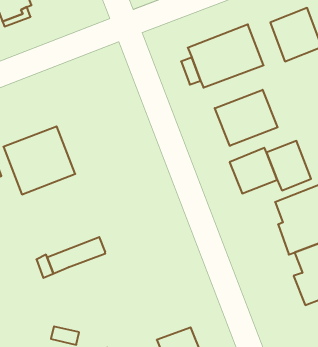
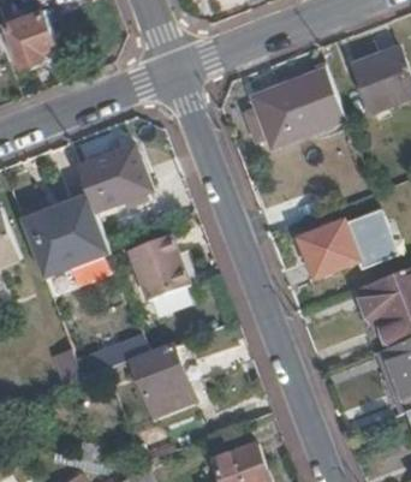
building: none -> [77,149,150,207]
building: [215,90,278,146] -> none
building: none -> [121,234,190,302]
building: none -> [131,344,201,417]

